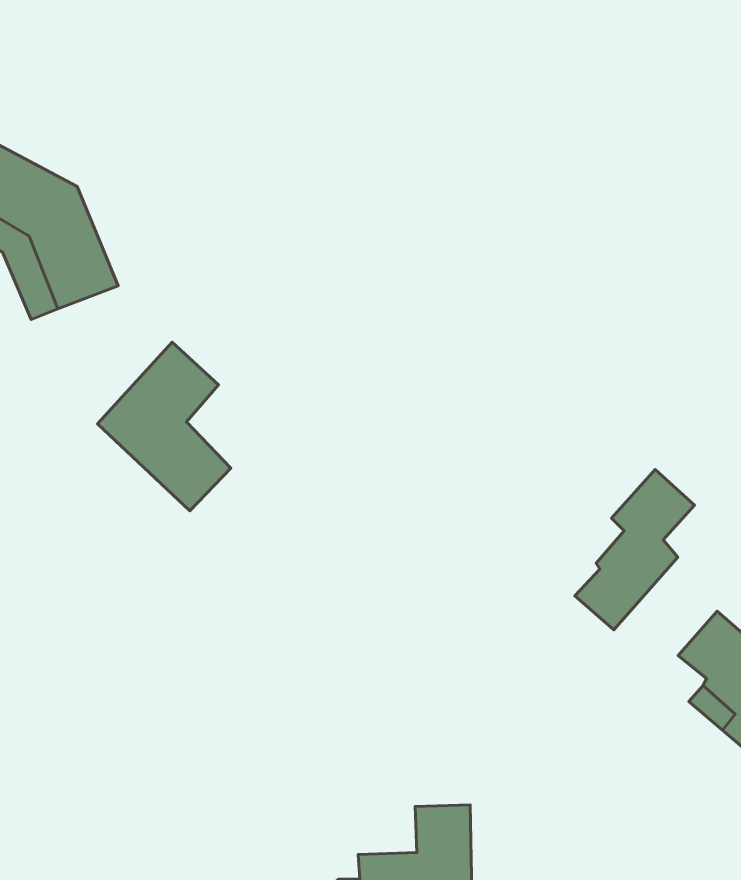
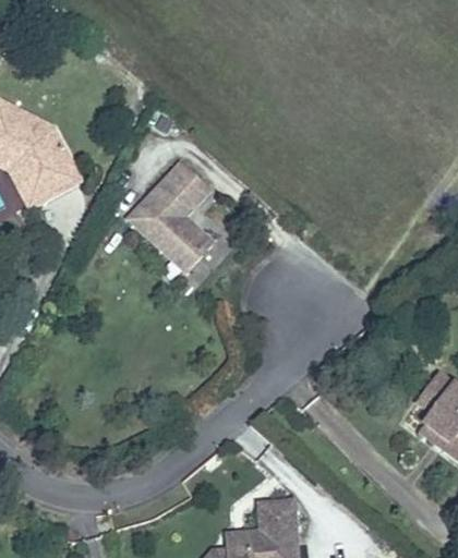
building: [97,342,231,511] -> [135,171,217,275]
building: [575,469,694,630] -> none

